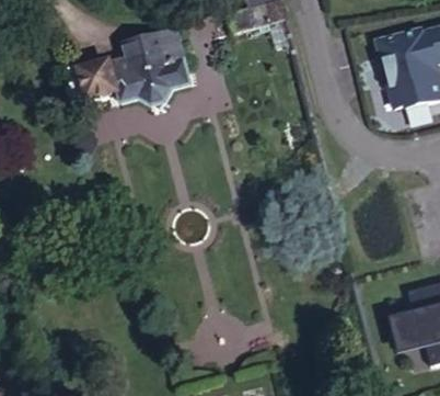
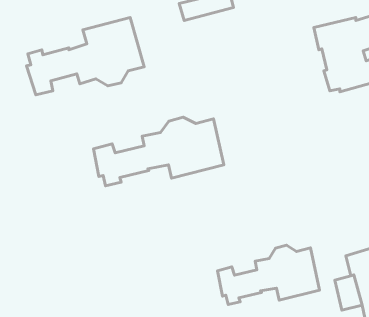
building: none -> [93,117,224,186]
building: none -> [217,245,320,305]

